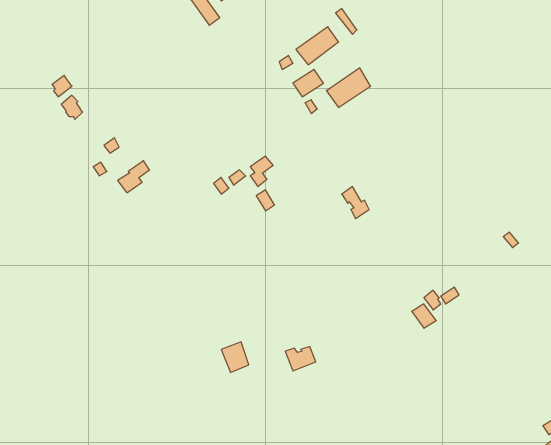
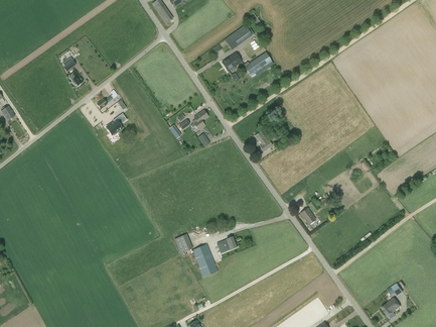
building: none -> [192,243,217,277]

